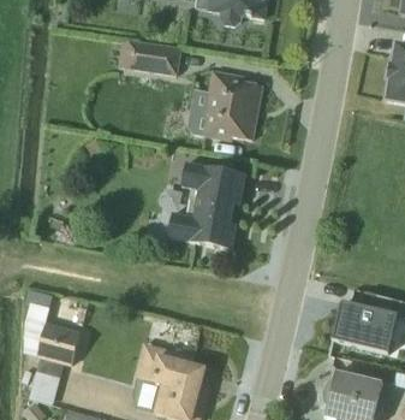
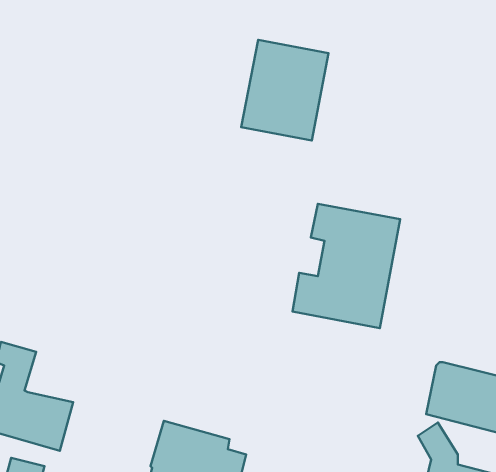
building: [119,47,187,81] -> none
building: [168,161,245,250] -> [292,204,400,328]

